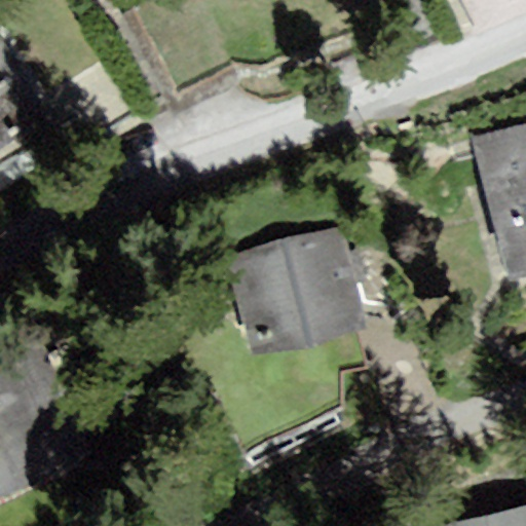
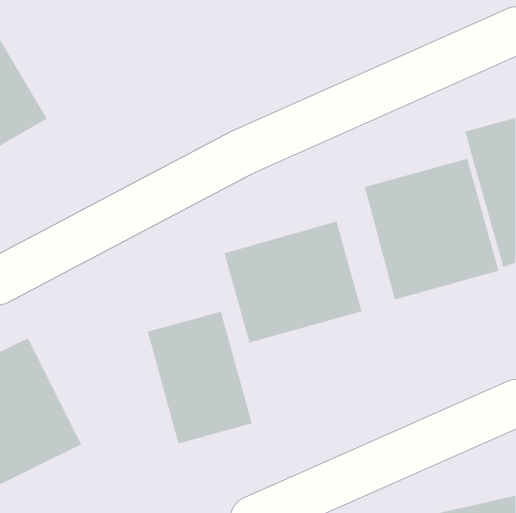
building: none -> [364,158,499,300]
building: none -> [147,311,253,445]

